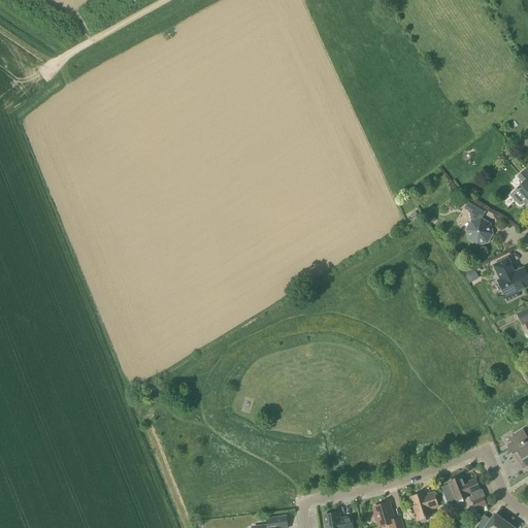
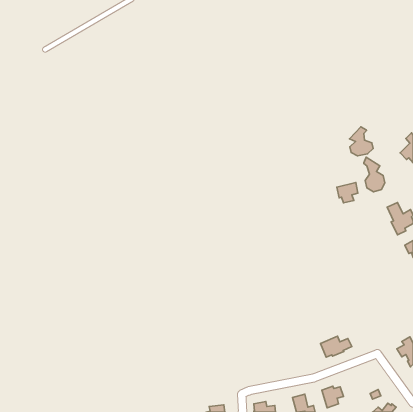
building: none -> [349,127,373,156]
building: none -> [337,183,358,203]
building: [440,475,481,502] -> [320,336,352,357]

